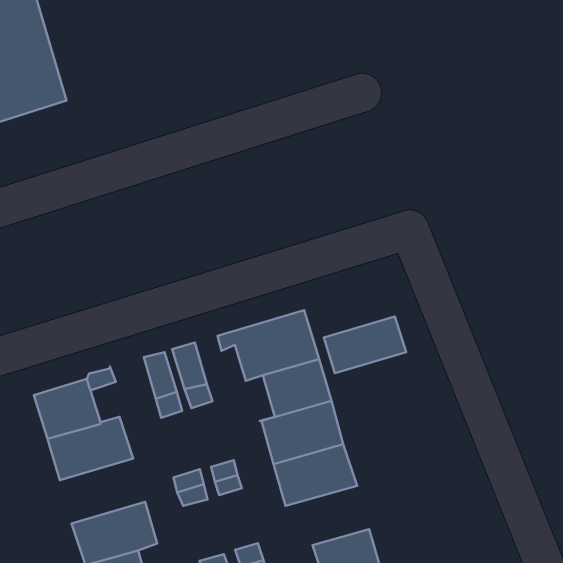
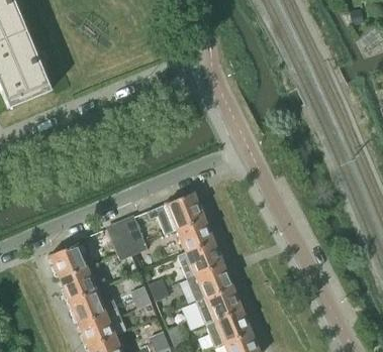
building: [324,317,406,373] -> none
building: none -> [69,284,117,324]
building: none -> [195,286,243,325]

